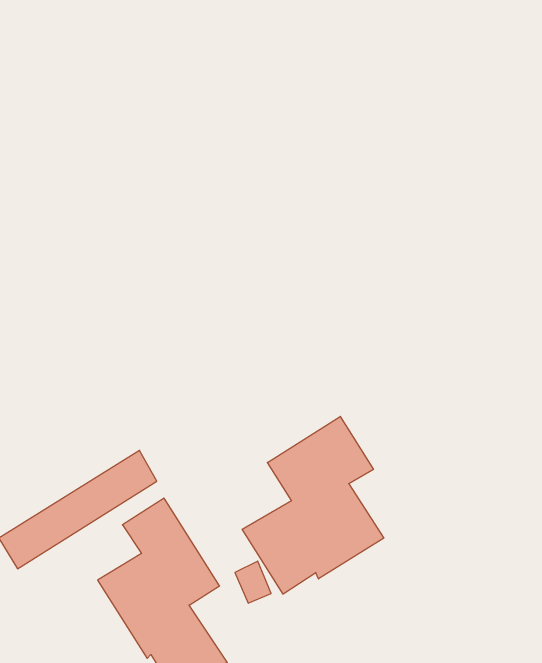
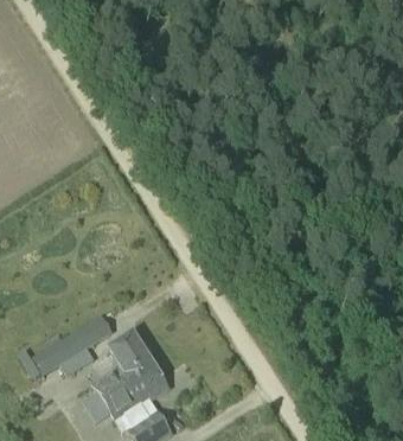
building: [242,416,384,594] -> none

